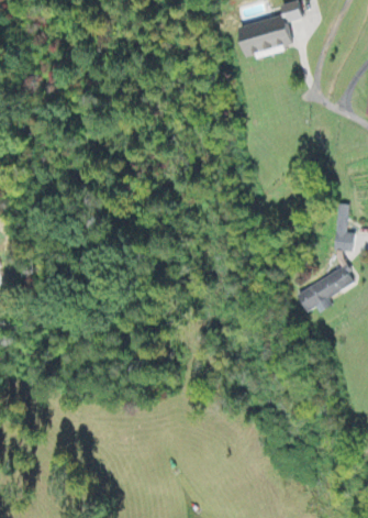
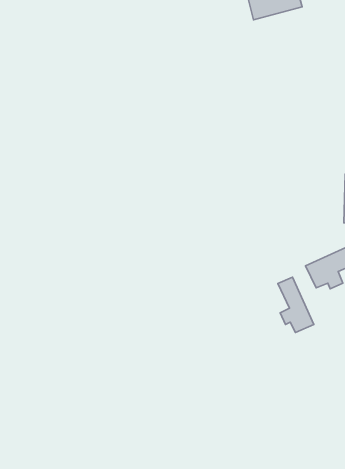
building: none -> [278,277,314,333]

